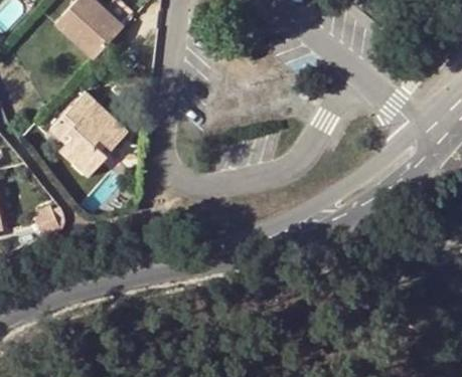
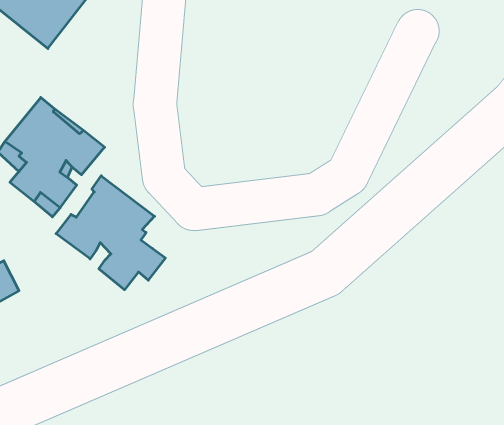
building: none -> [56,176,165,290]

